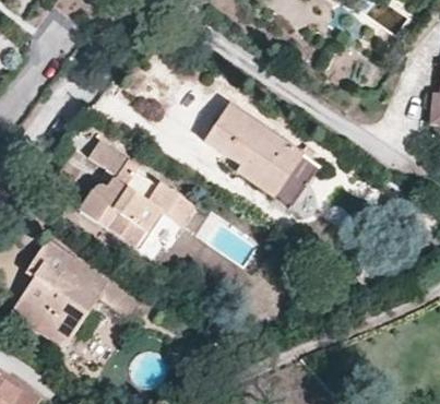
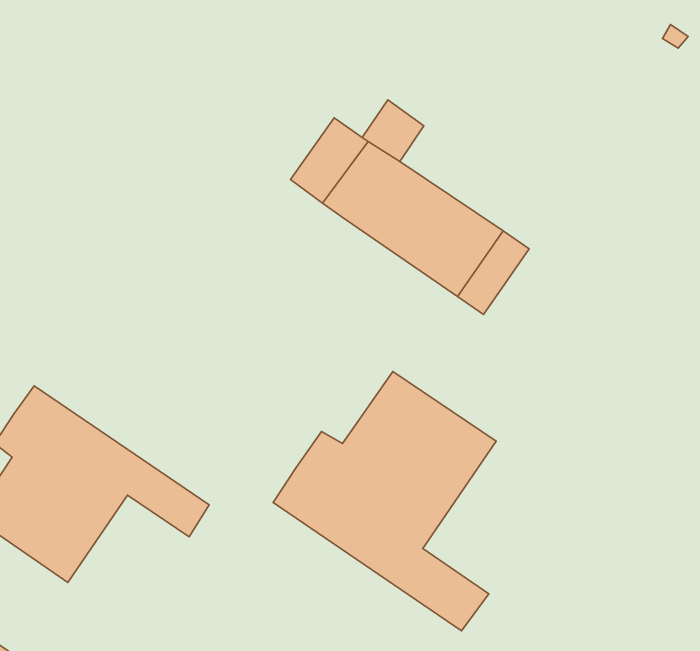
building: [80,140,193,251] -> none
building: none -> [273,371,496,631]

